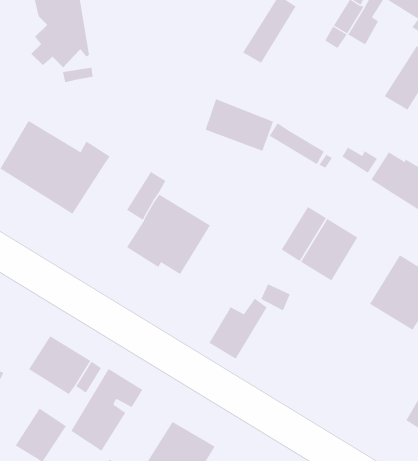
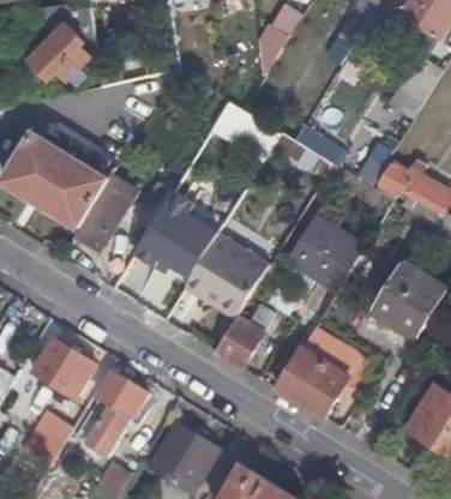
building: none -> [72,170,136,246]
building: none -> [185,232,265,314]
building: none -> [273,325,366,415]

